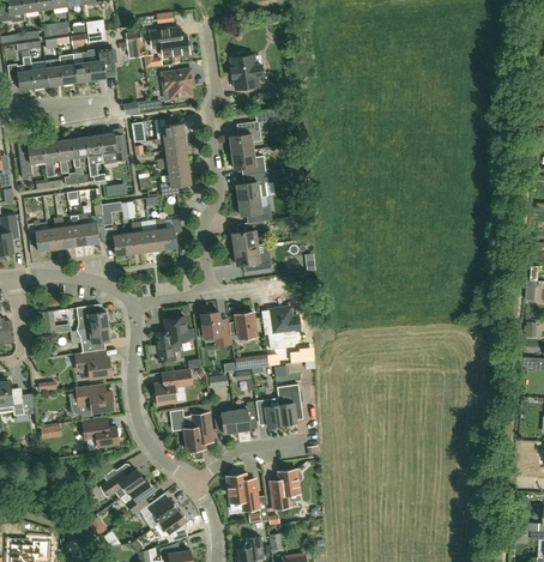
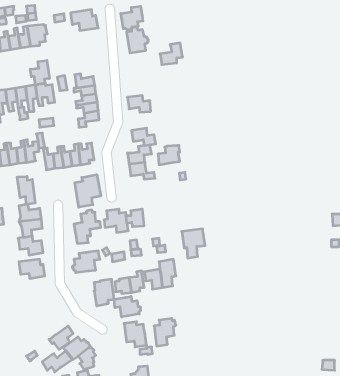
building: none -> [121,6,143,30]
building: [162,68,193,98] -> none
building: none -> [30,60,49,85]
building: [229,121,261,152] -> [160,43,183,65]
building: [236,173,267,200] -> [158,145,180,165]
building: none -> [75,175,101,207]
building: none -> [17,176,35,204]
building: [261,308,295,350] -> [182,229,205,258]
building: [81,419,120,451] -> none
building: none -> [114,296,141,317]
building: [102,470,145,500] -> [42,351,72,372]

